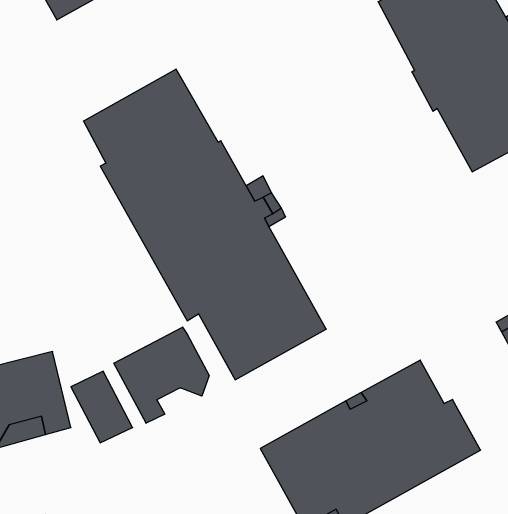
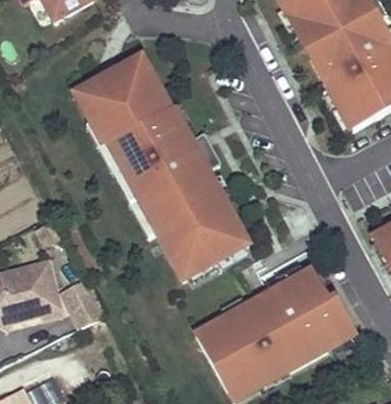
building: [114,327,209,423] -> none

